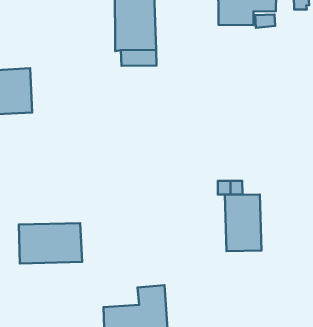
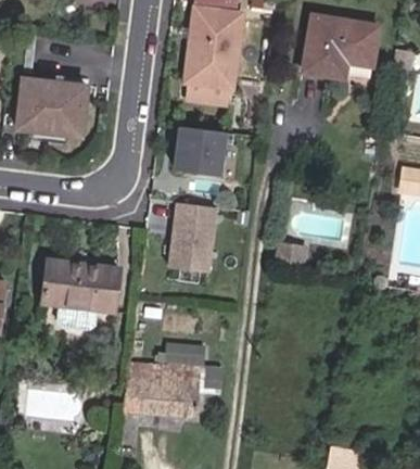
building: none -> [176,127,226,175]
building: [225,194,262,251] -> [170,203,217,271]

